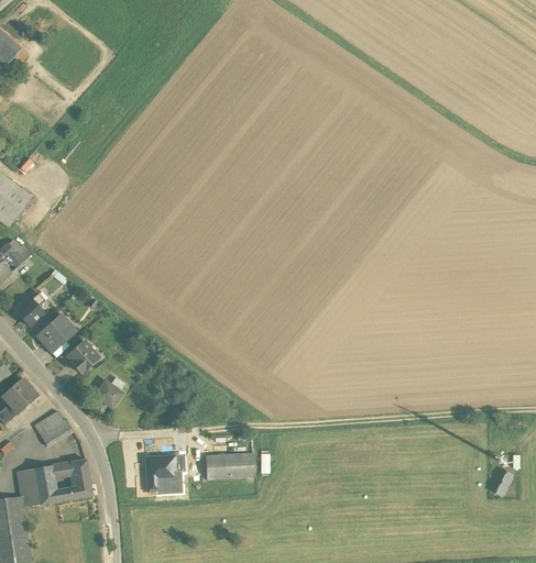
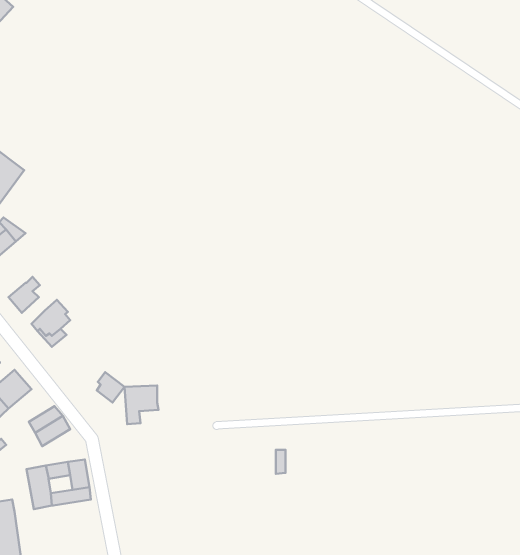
building: [67,341,98,372] -> none
building: [206,452,255,478] -> none
building: [145,455,176,490] -> [125,386,158,424]
building: [17,467,40,506] -> none

